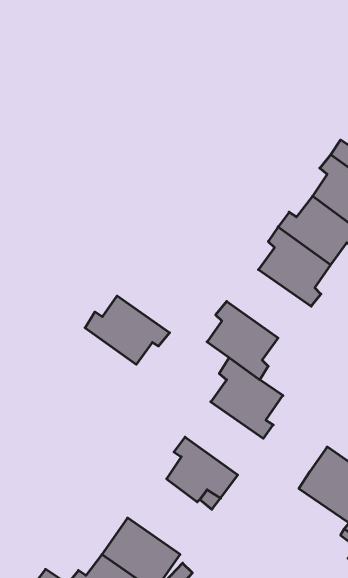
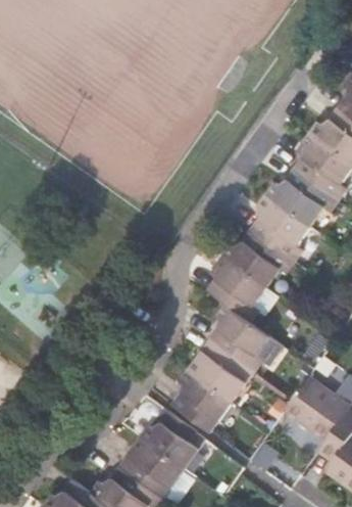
building: [85,296,170,364] -> [223,230,294,287]
building: none -> [189,340,254,402]
building: none -> [141,411,198,468]

